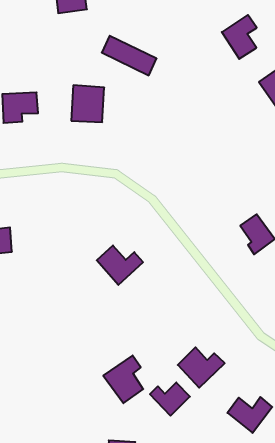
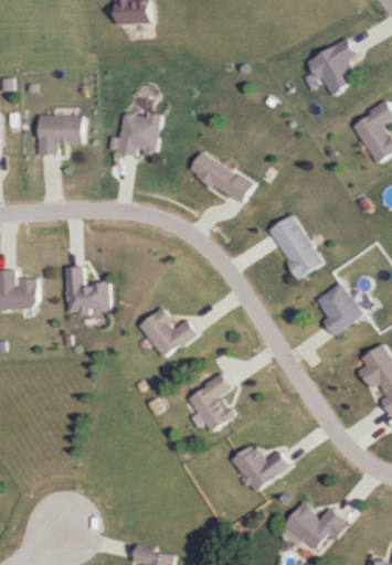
building: [102,36,157,75] -> [191,152,257,204]
building: none -> [268,216,320,277]
building: none -> [65,266,106,310]
building: [103,355,143,403] -> [183,374,231,431]
building: [150,382,190,416] -> none

